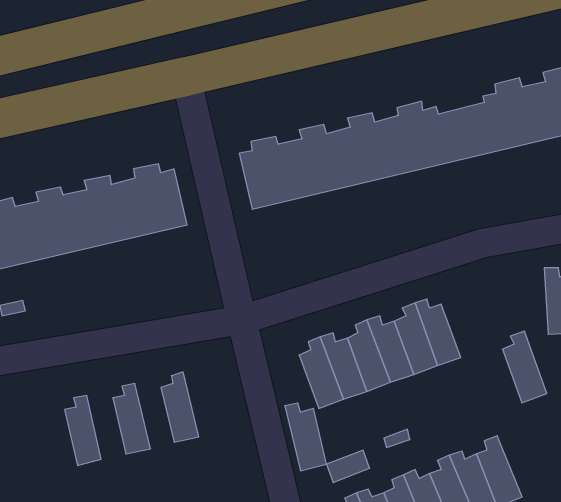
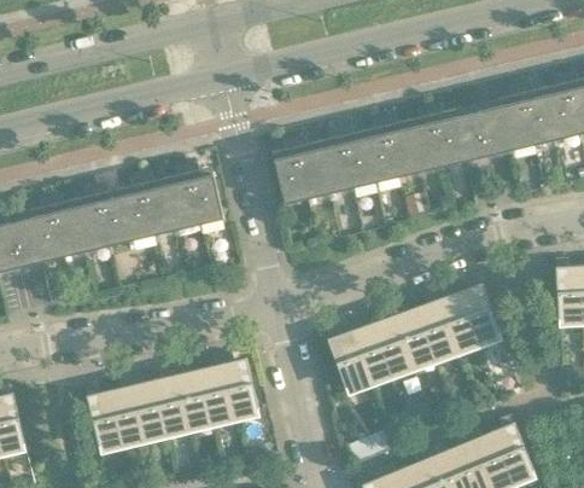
building: [502,331,547,403] -> [460,280,501,347]
building: none -> [176,368,212,431]
building: none -> [132,379,168,441]
building: [285,403,327,471] -> [221,358,259,420]
building: none -> [84,390,123,453]

